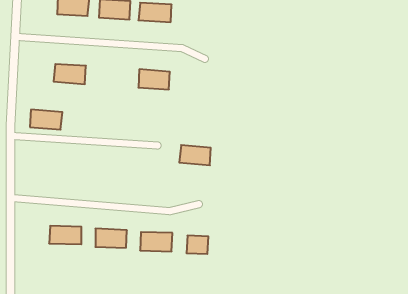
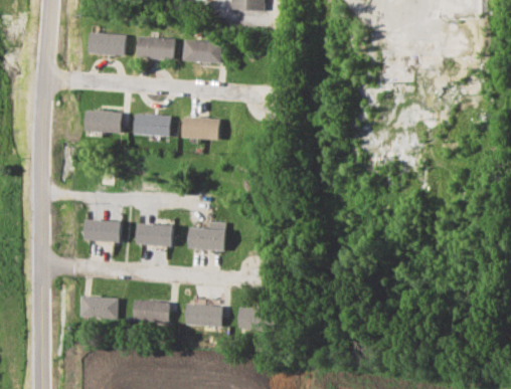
building: none -> [134,114,171,136]
building: [30,110,62,130] -> [83,220,121,243]
building: [179,145,211,165] -> [188,227,224,250]
building: none -> [136,224,173,246]

